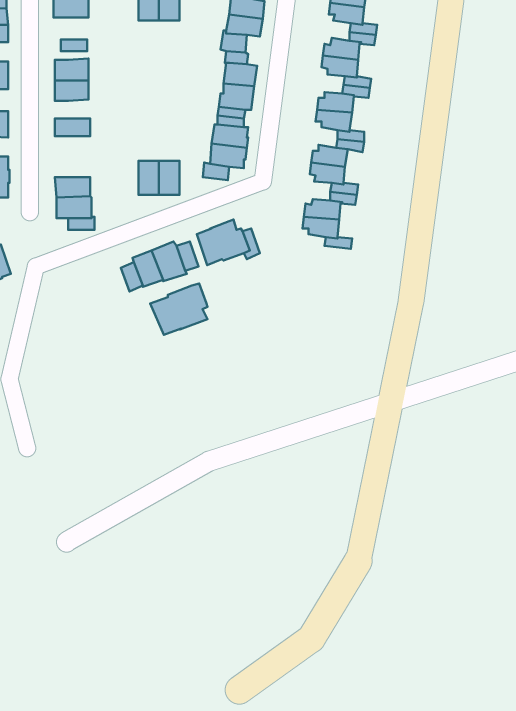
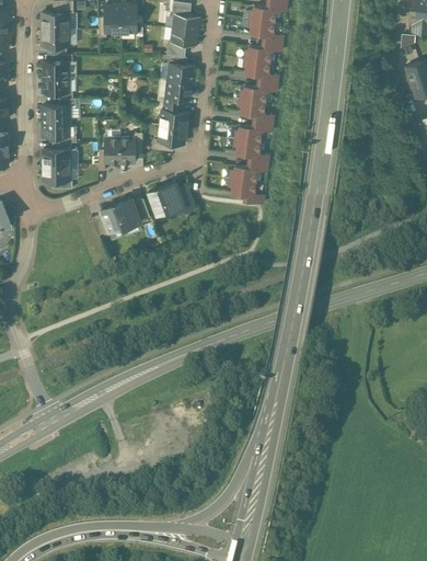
building: none -> [42,30,69,46]
building: none -> [43,118,69,136]
building: [150,283,208,335] -> none

